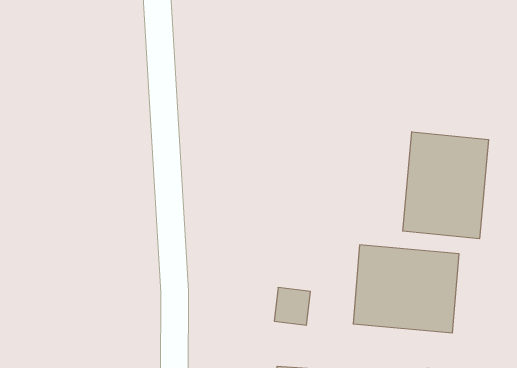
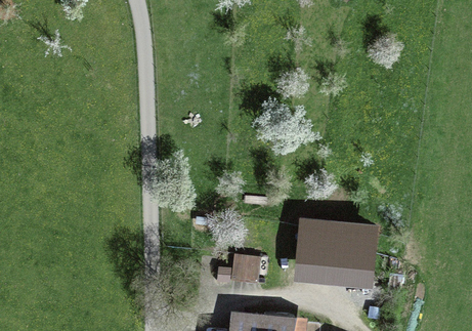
building: [403,132,489,239] -> none

